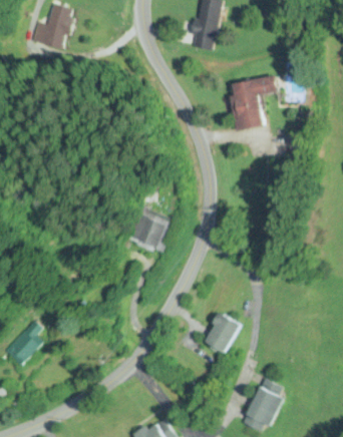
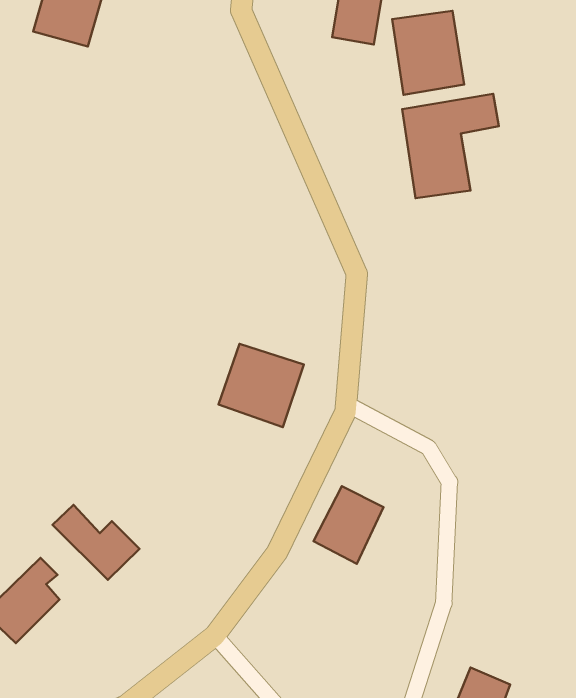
building: none -> [392,11,464,95]
building: none -> [52,505,139,580]
building: [203,313,240,354] -> [313,486,383,564]

